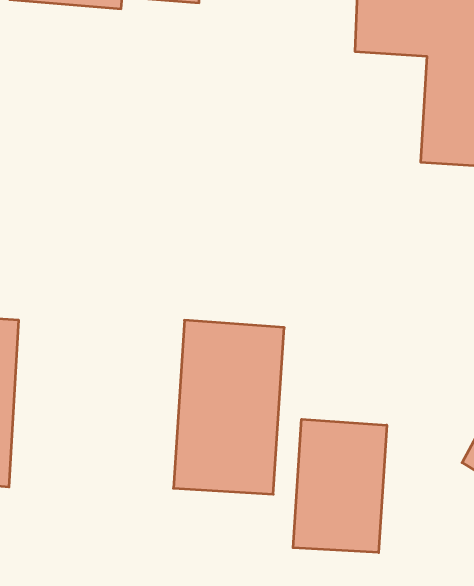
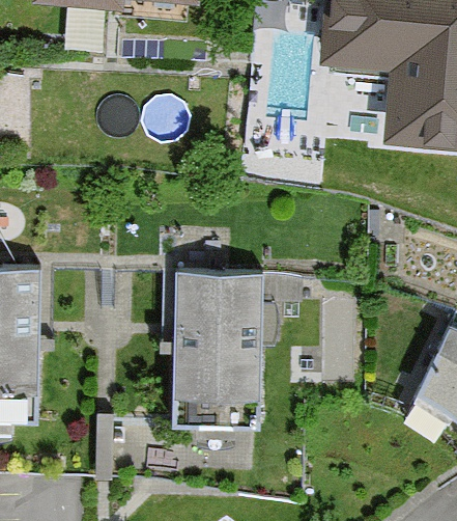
building: [293,419,387,553] -> none

